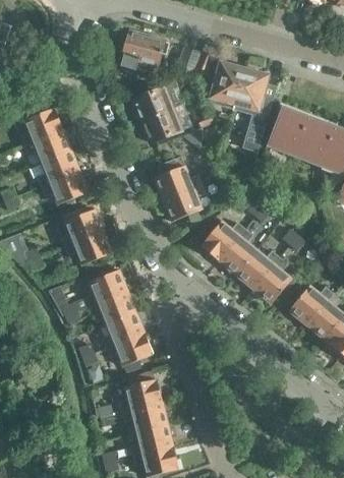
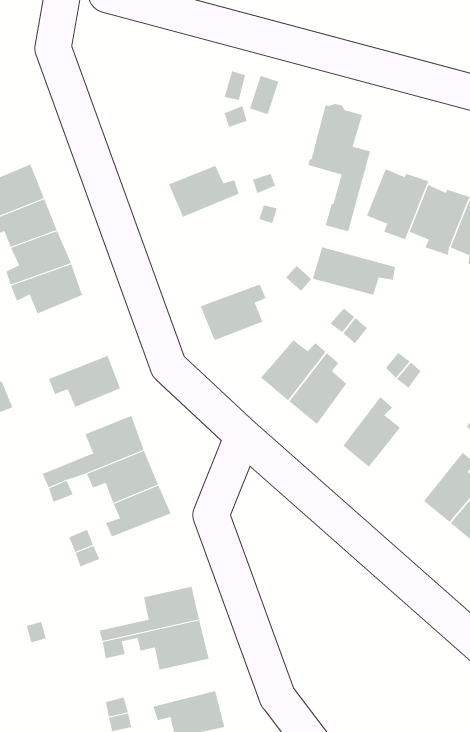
building: [121,34,169,70] -> none
building: [209,63,243,106] -> none
building: [134,87,173,121] -> none
building: [155,159,202,199] -> none
building: none -> [312,246,395,295]
building: [61,208,104,246] -> none
building: [238,249,279,289] -> none
building: [289,285,332,324] -> none
building: [106,333,153,366] -> none
building: [130,426,173,457] -> none

